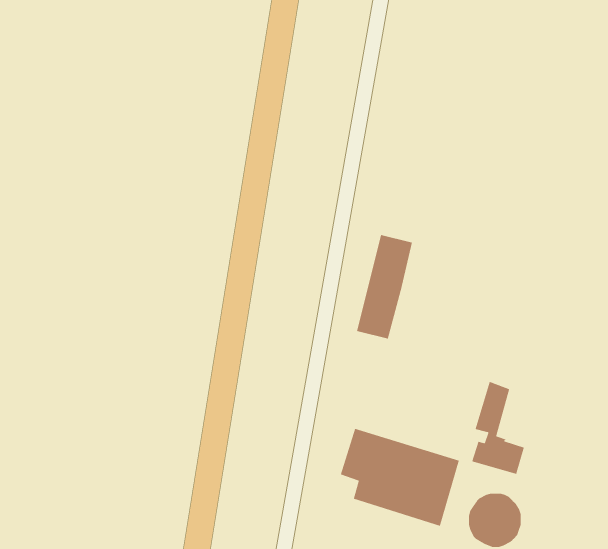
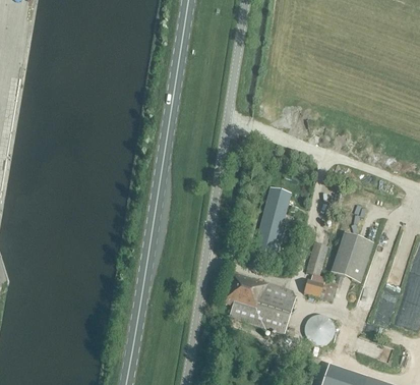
building: [356,234,413,339] -> [254,186,290,253]
building: none -> [333,231,373,280]

